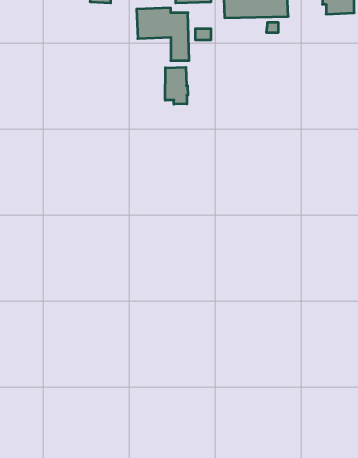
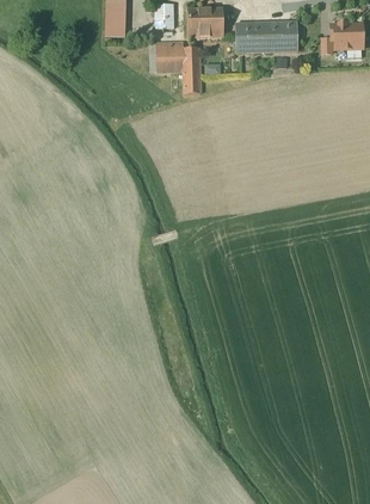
building: [165,67,188,104] -> none

